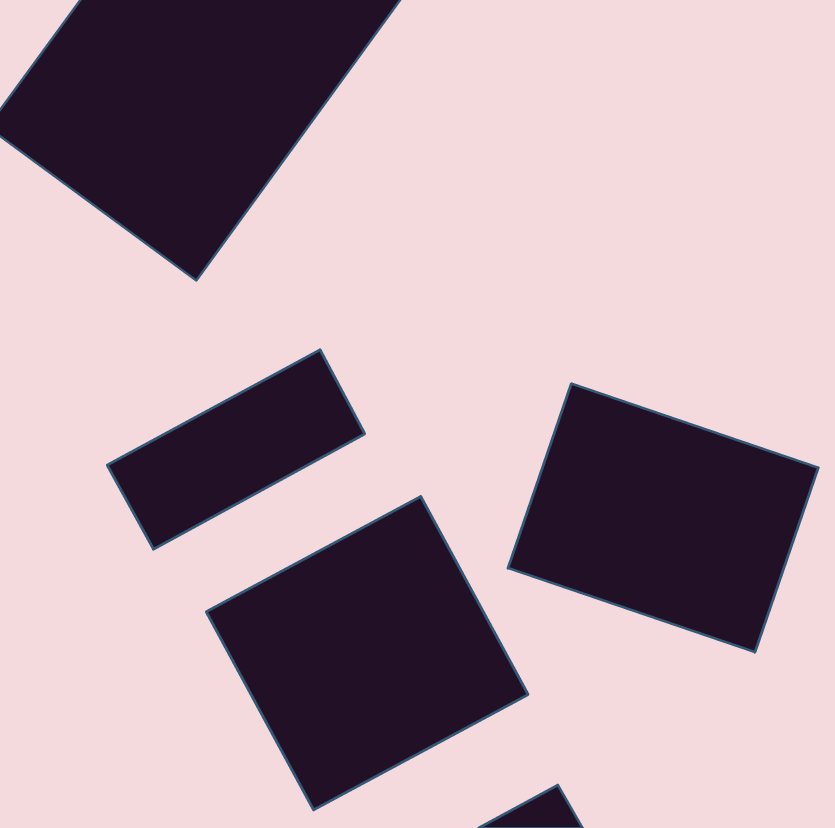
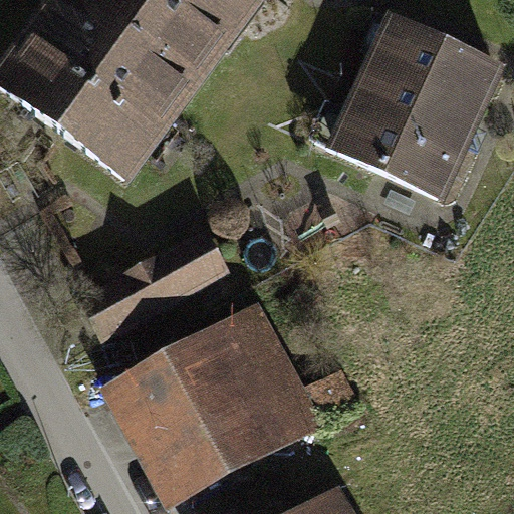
building: none -> [333,36,504,222]
building: [508,384,818,652] -> none

